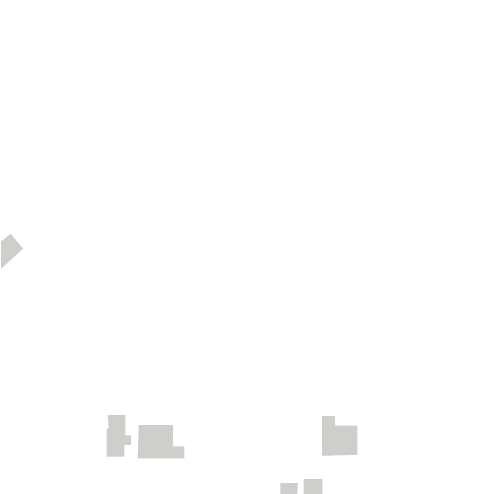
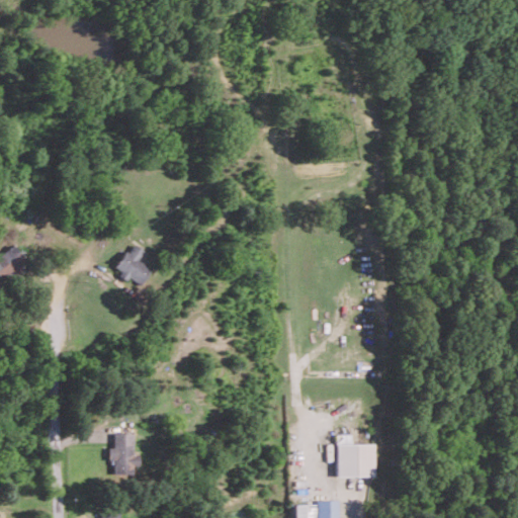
building: none -> [114,245,152,285]
building: [137,424,185,459] -> none

